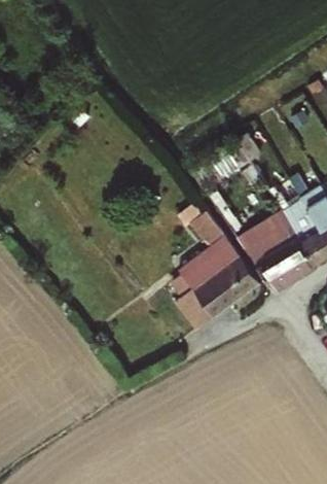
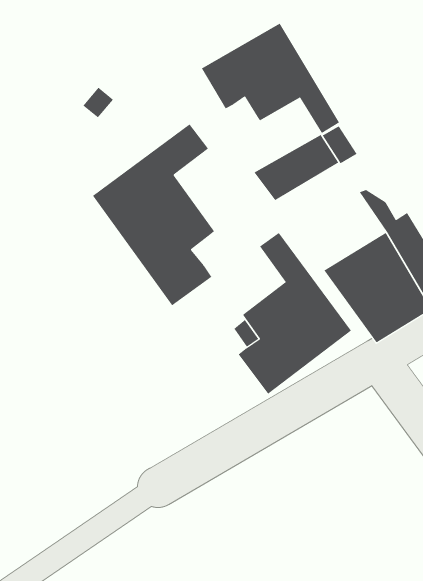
building: none -> [201,23,340,134]
building: none -> [92,124,215,306]

